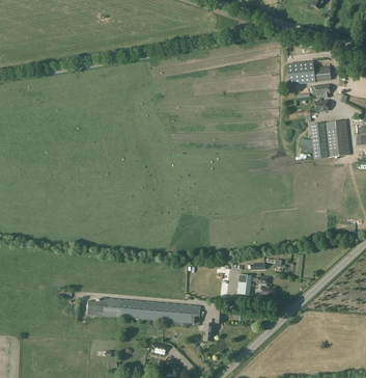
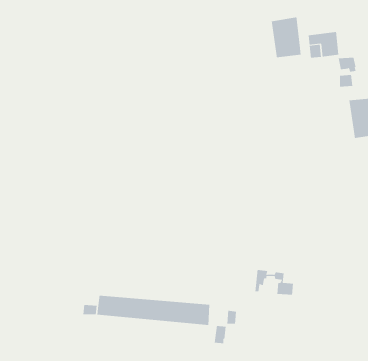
building: none -> [271,16,301,58]
building: [310,122,329,158] -> none

